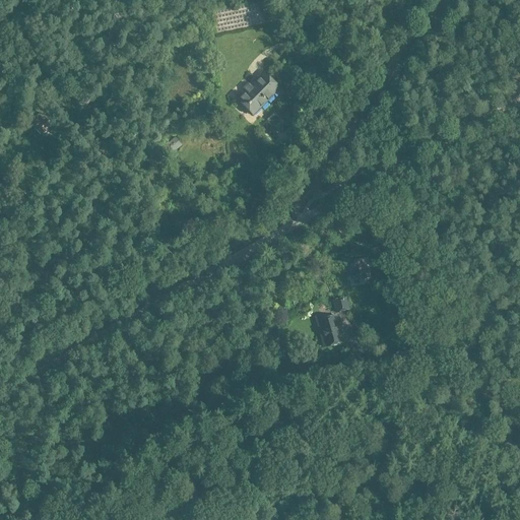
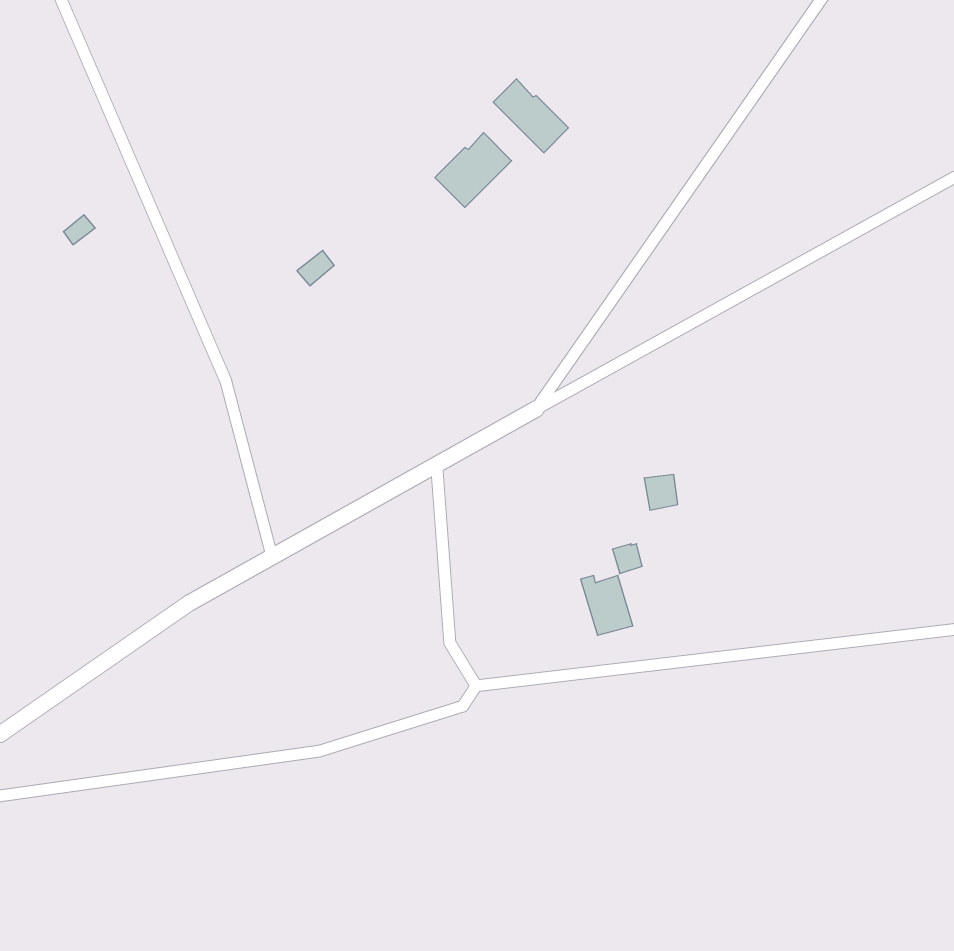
building: none -> [493,79,568,153]

